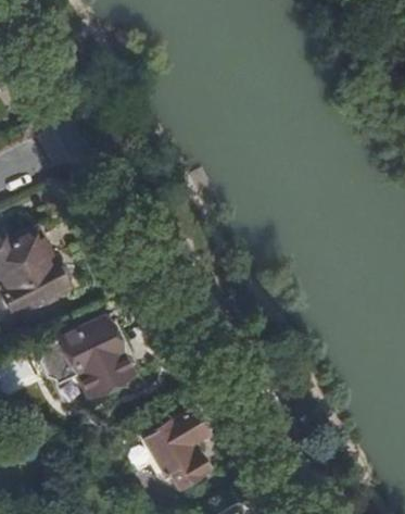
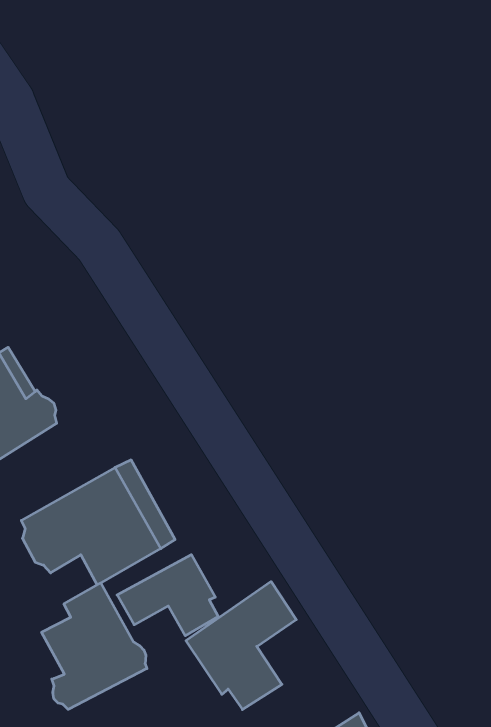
building: none -> [117,555,218,636]
building: none -> [42,583,147,709]

